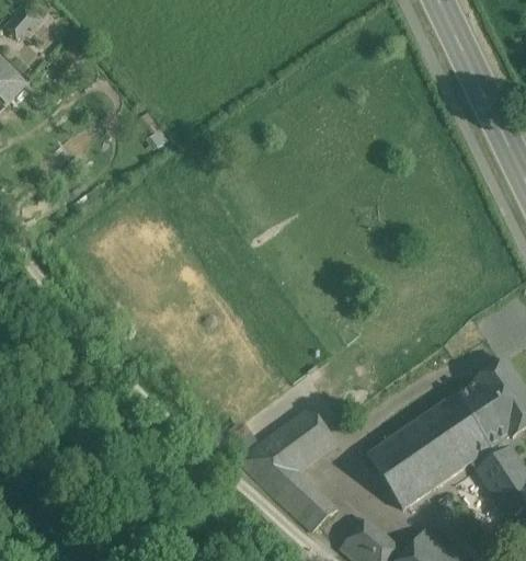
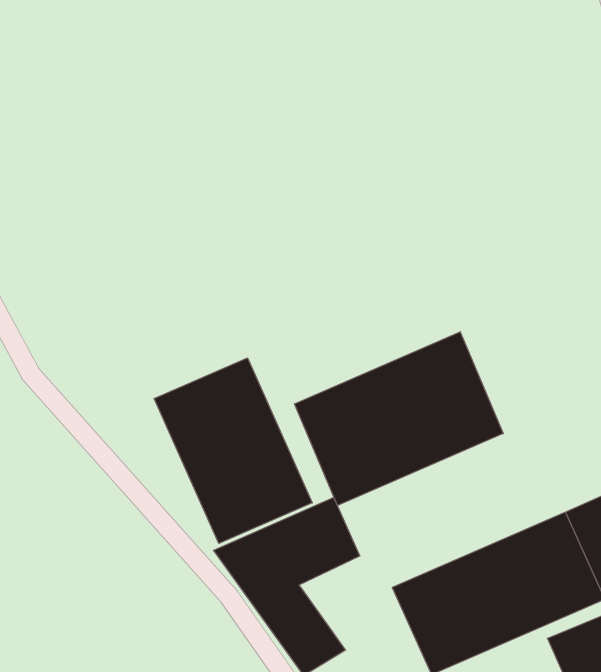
building: none -> [295,332,503,506]
building: none -> [154,358,312,543]

